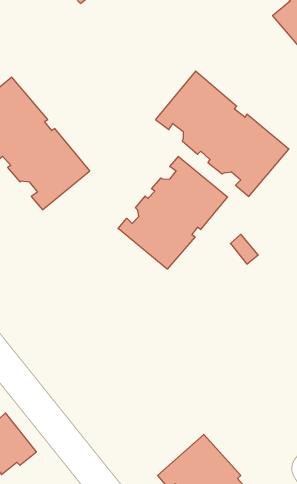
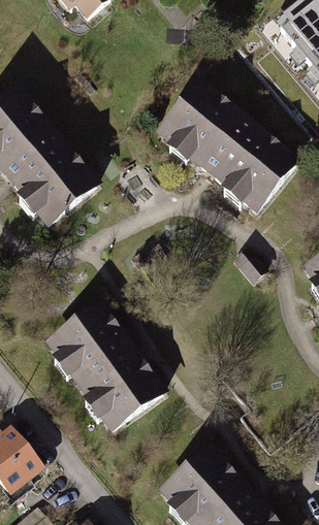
building: [118,156,228,269] -> none
building: none -> [49,306,160,427]

